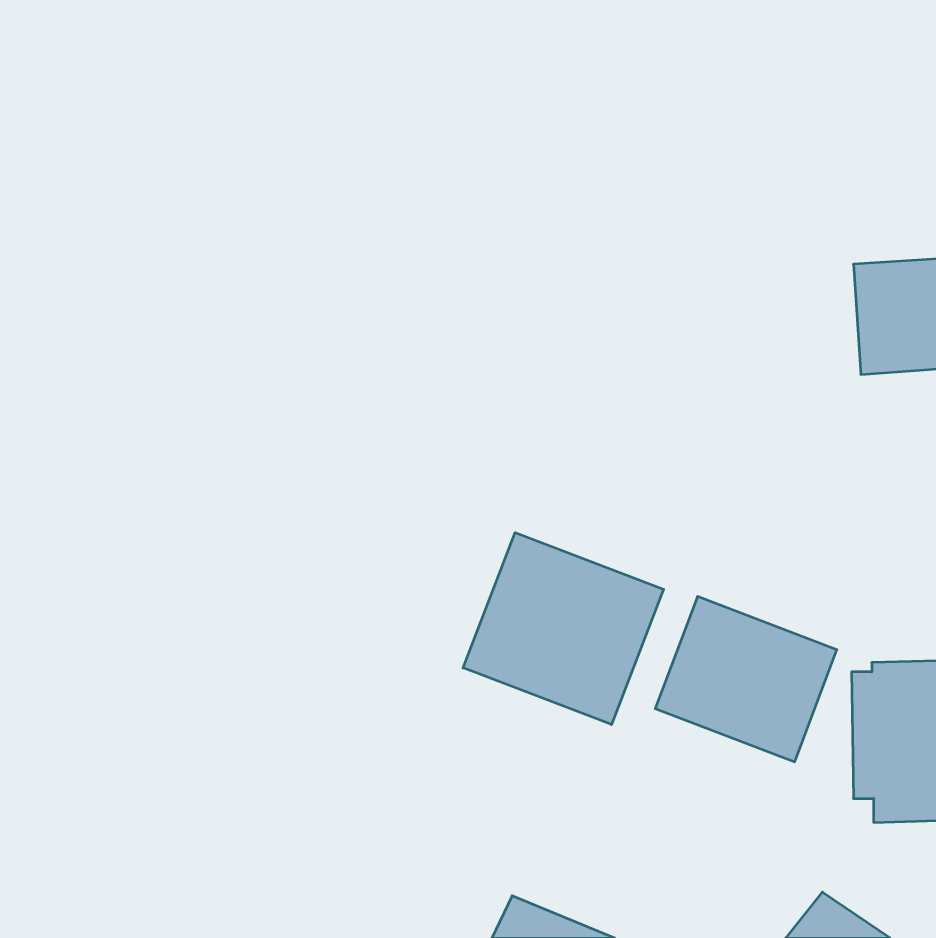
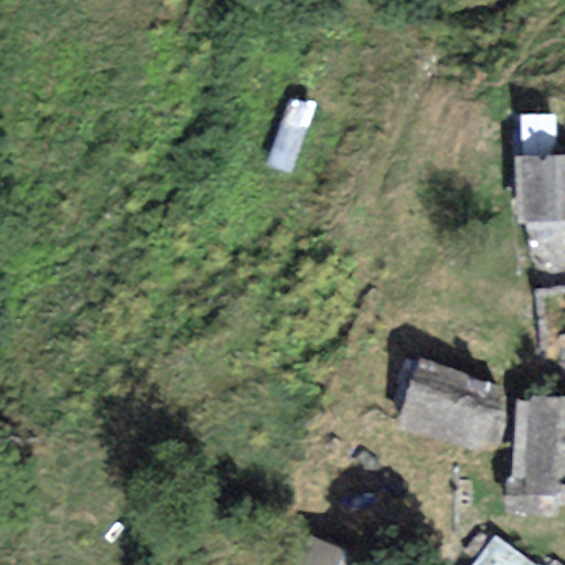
building: [463,533,664,725] -> none

